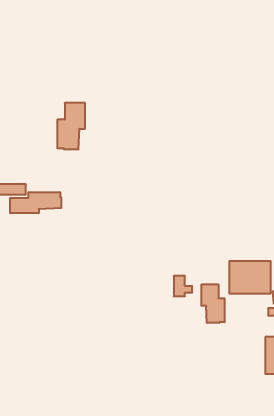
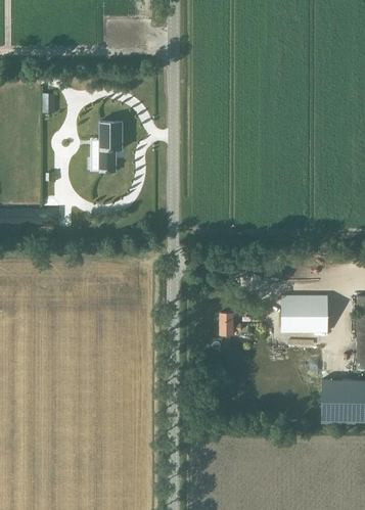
building: [10,192,61,213] -> none
building: [202,284,225,323] -> none

